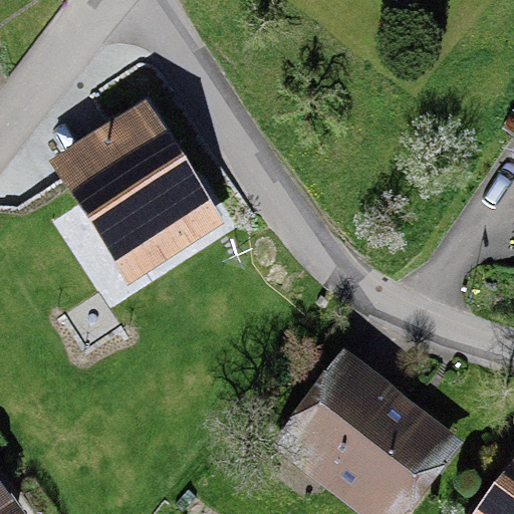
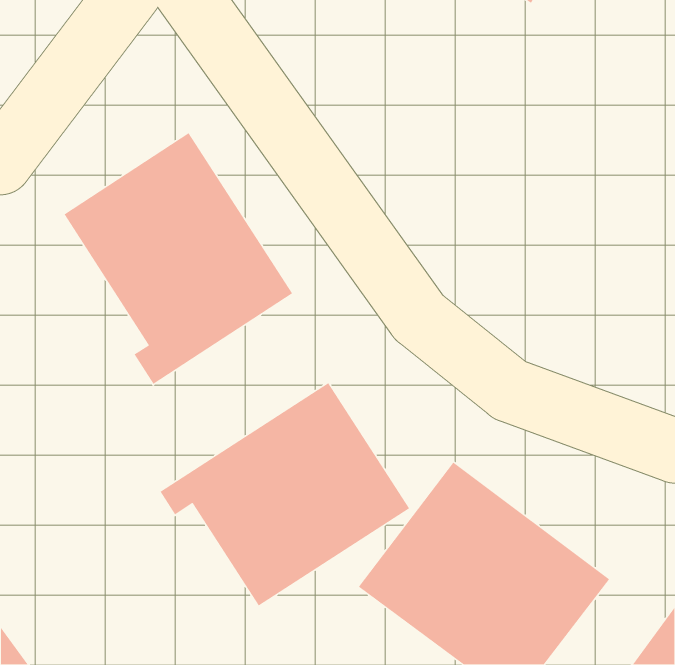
building: none -> [160,382,410,606]

